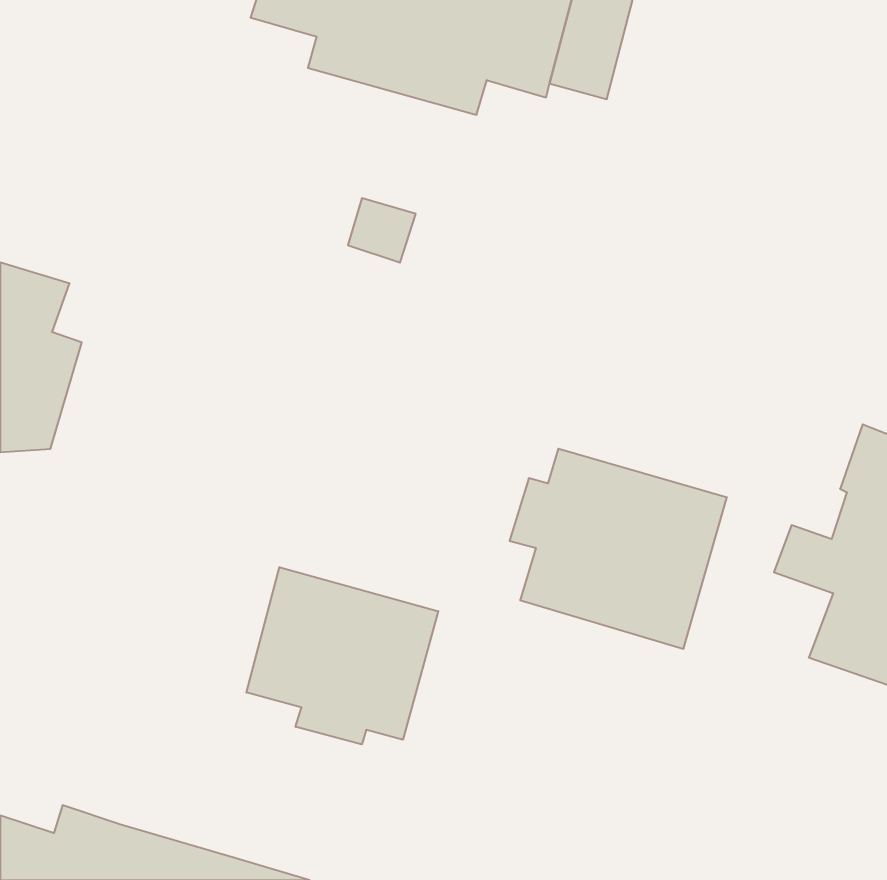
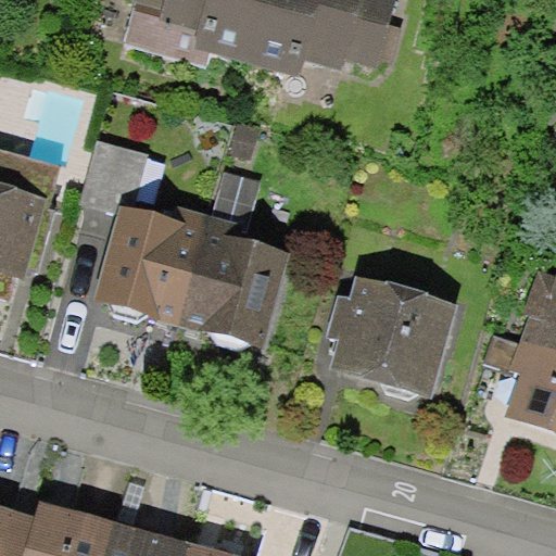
building: none -> [79,141,280,353]
building: [246,567,438,744] -> none

